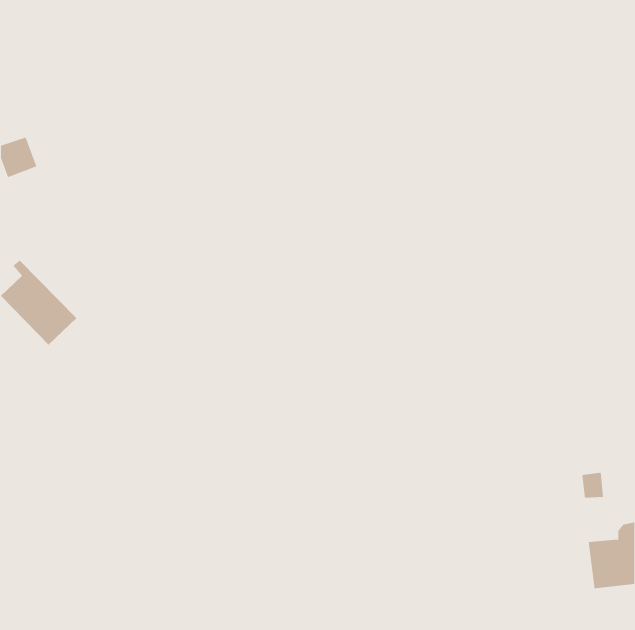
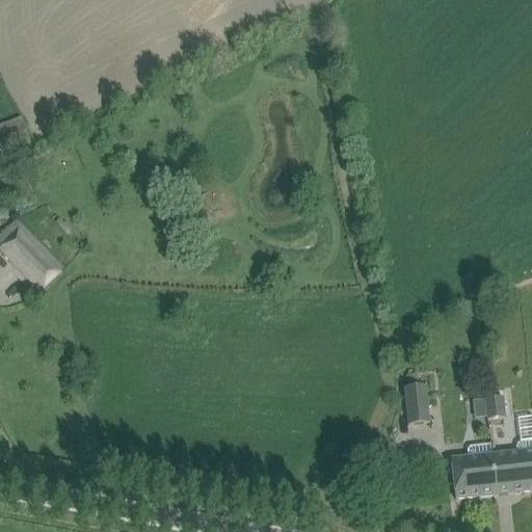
building: none -> [405,383,429,423]
building: none -> [451,442,497,498]

